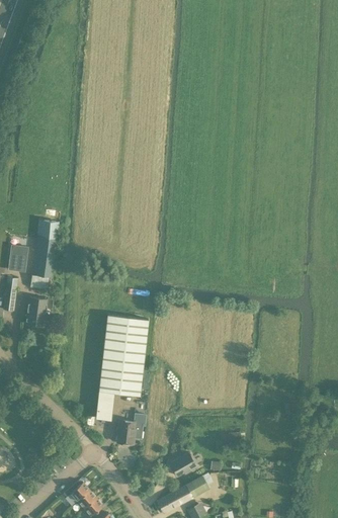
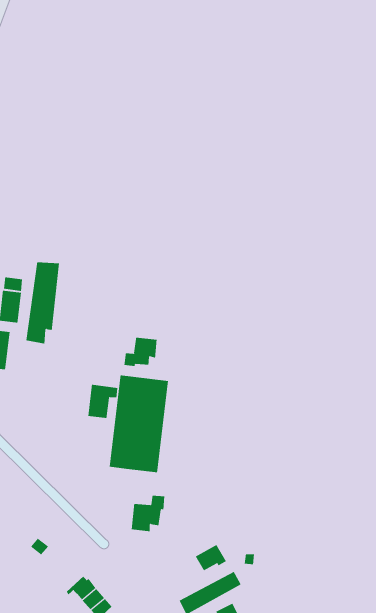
building: none -> [124,337,157,367]
building: [27,297,53,326] -> [88,384,118,419]
building: [95,391,113,419] -> none

